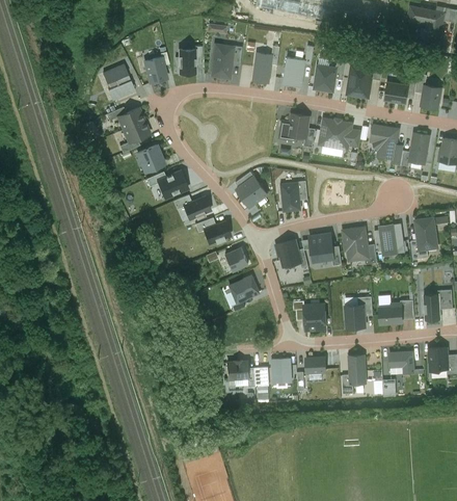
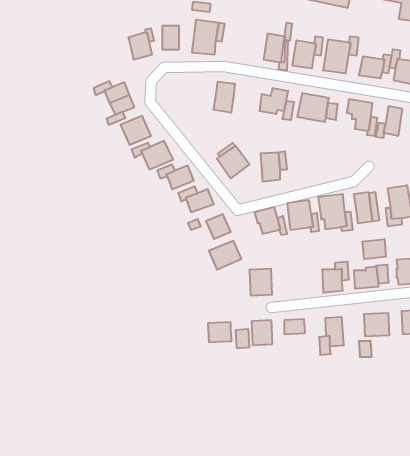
building: [251,52,274,84] -> [213,82,235,113]
building: [101,63,135,101] -> none
building: none -> [363,239,386,259]
building: [303,302,327,331] -> [249,269,272,296]

